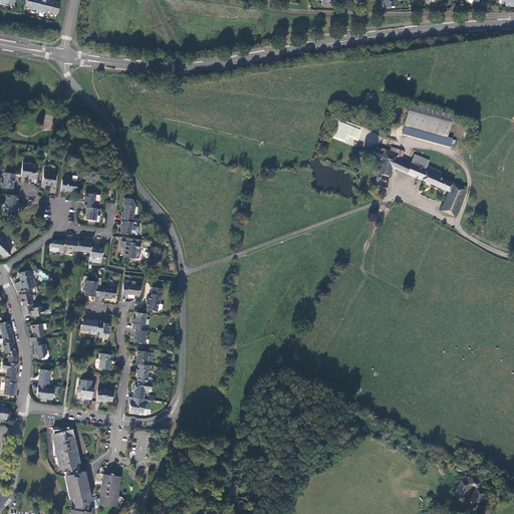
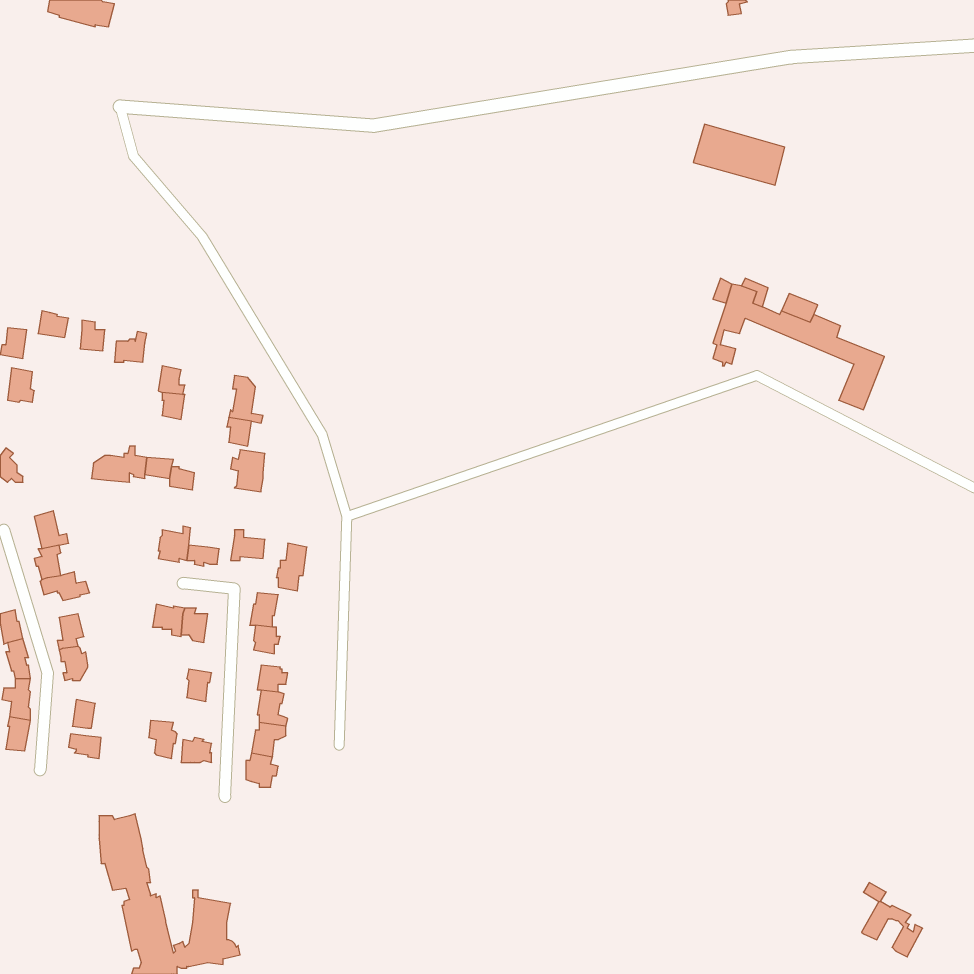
building: [405,104,453,137] -> [693,124,785,185]

